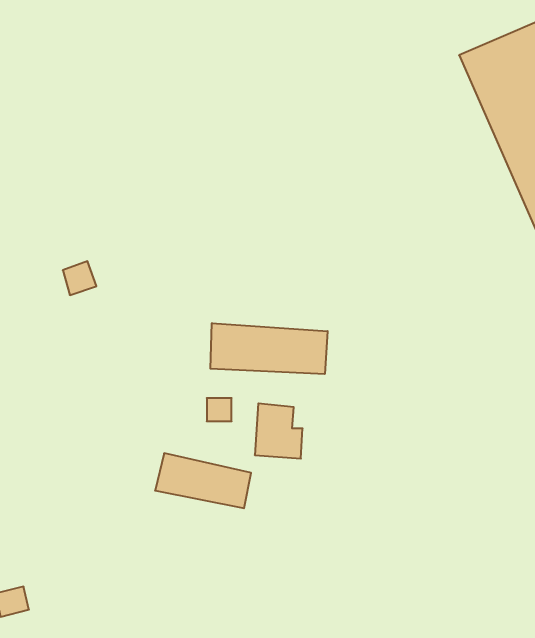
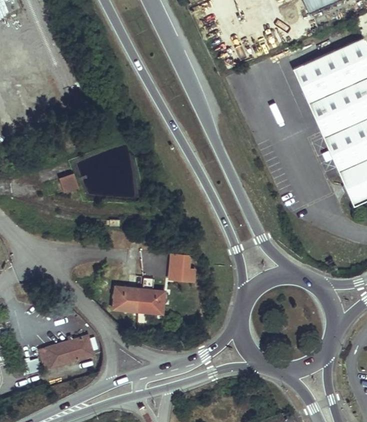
building: [210,323,328,374] -> none
building: none -> [45,340,100,374]

